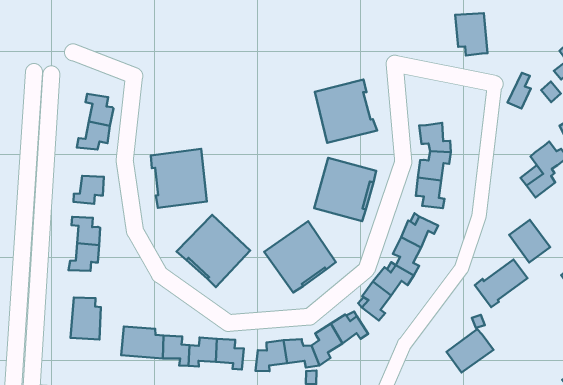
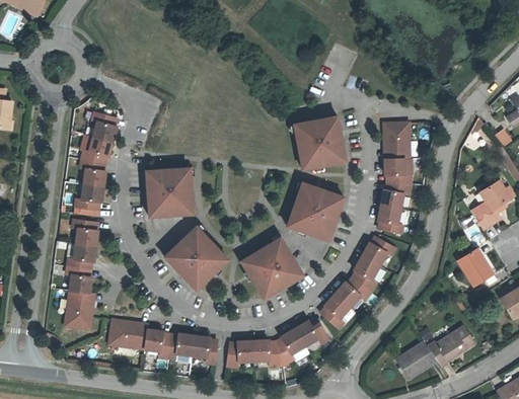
building: [455,13,487,56] -> [383,123,410,159]
building: none -> [80,159,105,186]
building: [475,260,527,307] -> [428,326,474,367]
building: none -> [66,266,91,293]

